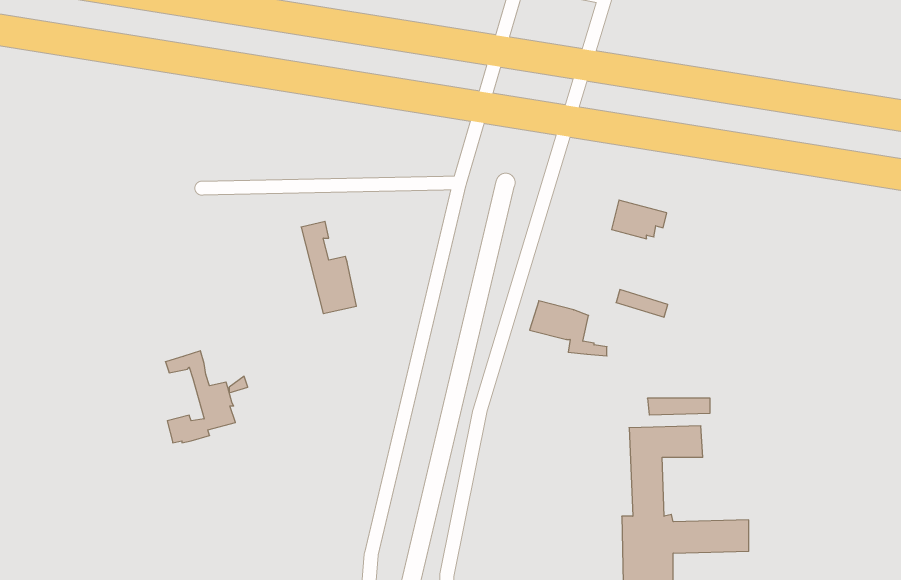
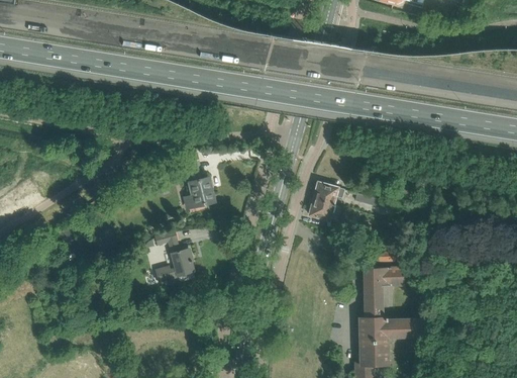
building: [612,200,667,239] -> [313,182,343,203]
building: [165,351,235,443] -> [154,231,193,282]

